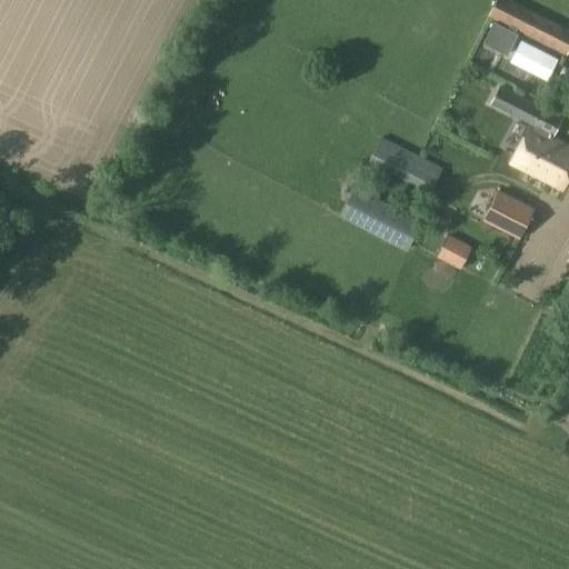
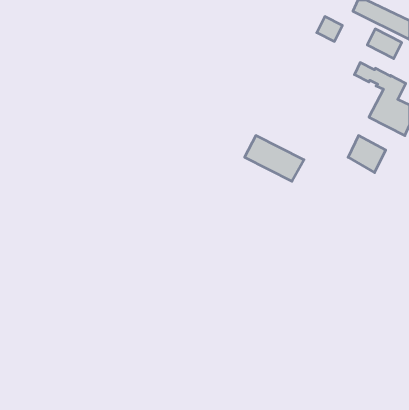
building: [483,22,519,57] -> [317,17,342,41]
building: [369,137,443,194] -> none
building: [437,234,472,270] -> none

